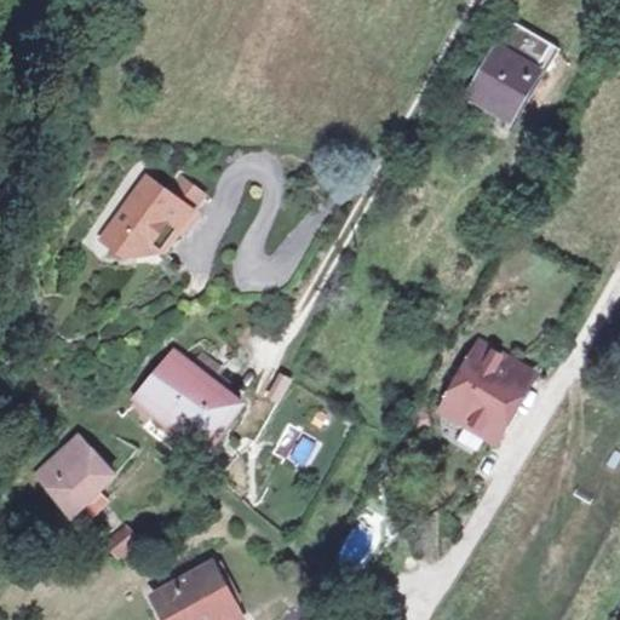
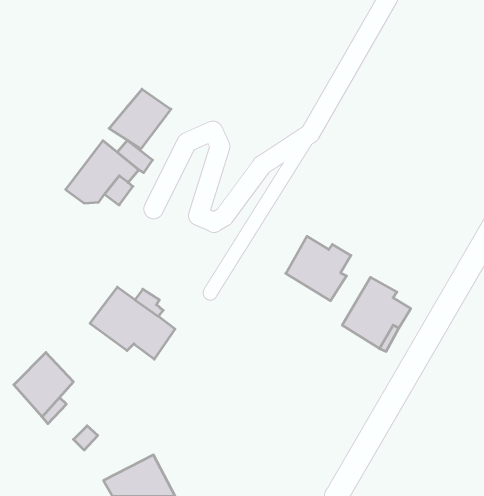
building: [467,19,544,111] -> none
building: none -> [109,89,171,149]
building: none -> [286,236,351,301]

